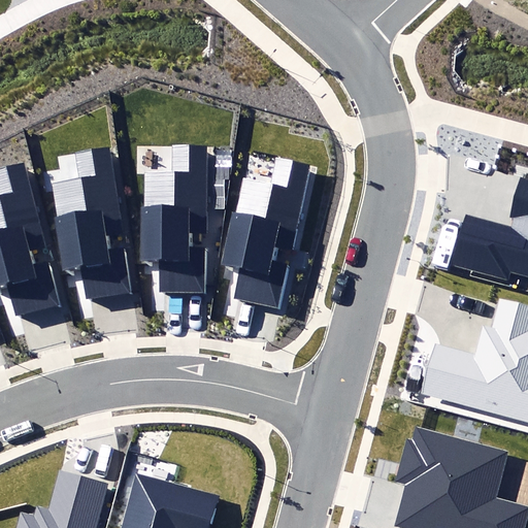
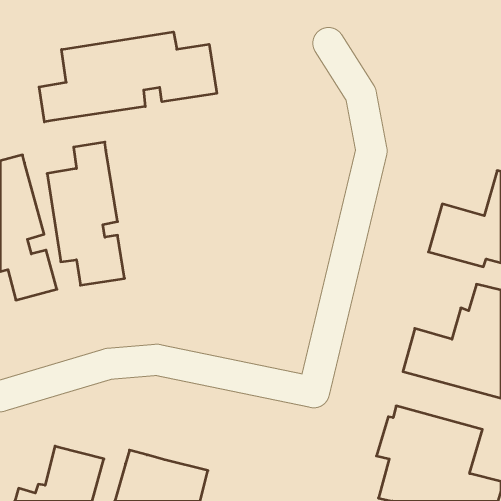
building: none -> [39,32,217,122]
building: [141,147,206,294] -> none
building: [222,158,309,308] -> none

